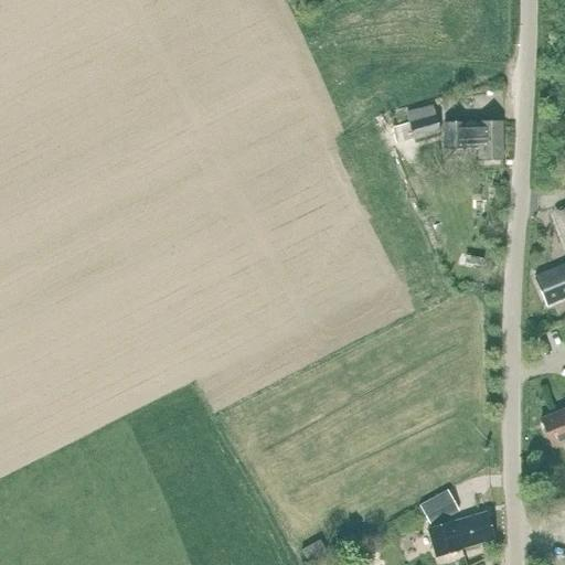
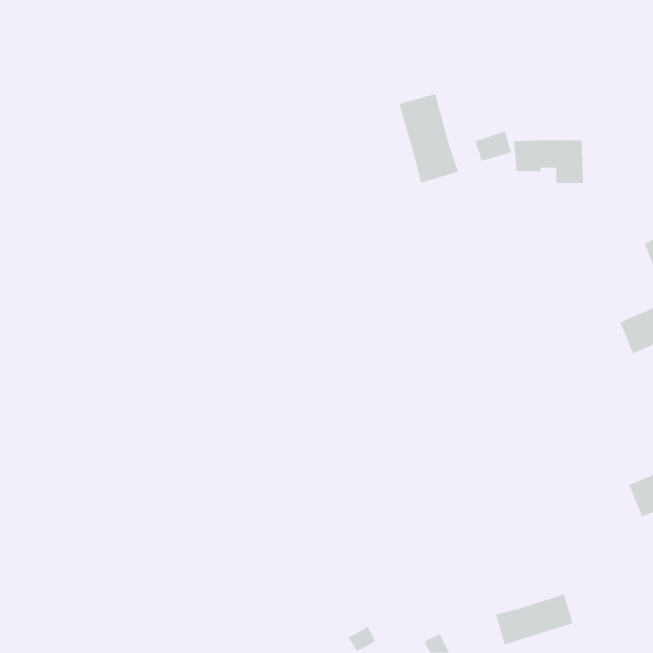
building: none -> [399,93,459,183]
building: [420,488,461,524] -> none

